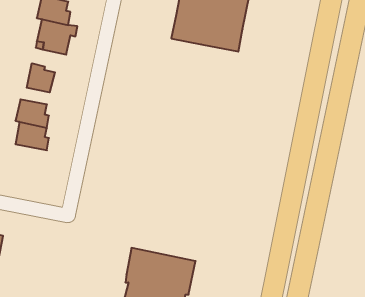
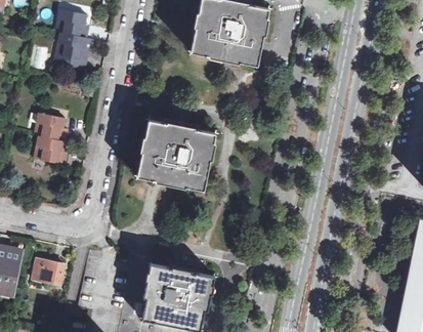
building: [27,63,55,92] -> none
building: none -> [137,119,216,190]
building: none -> [33,258,66,284]

